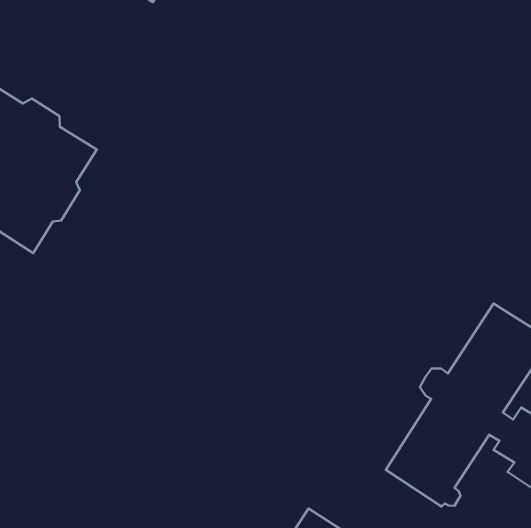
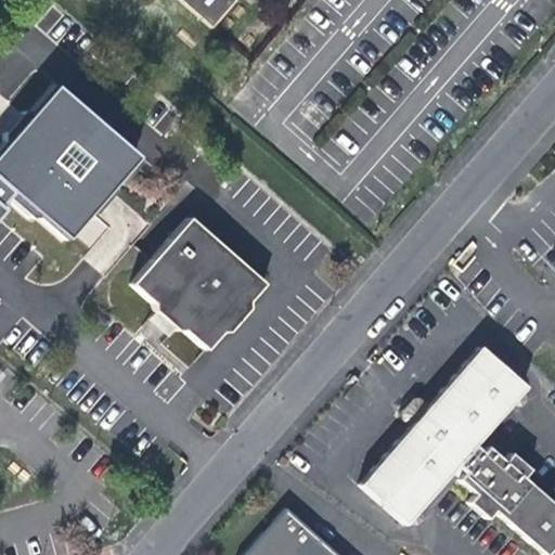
building: none -> [138,220,269,349]

